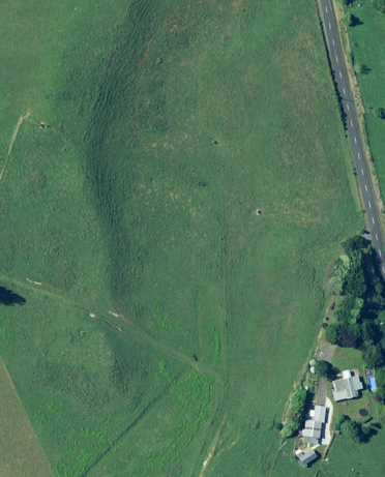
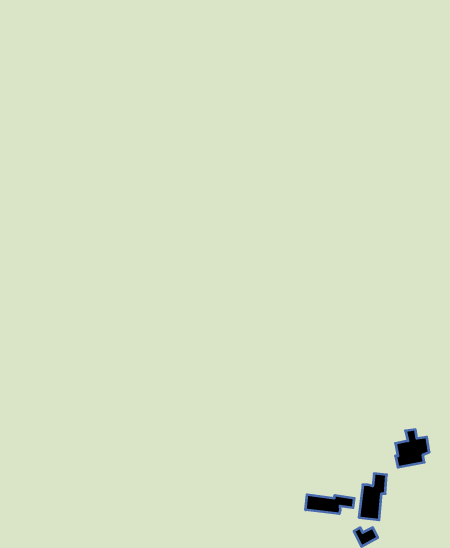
building: none -> [306,495,354,514]

